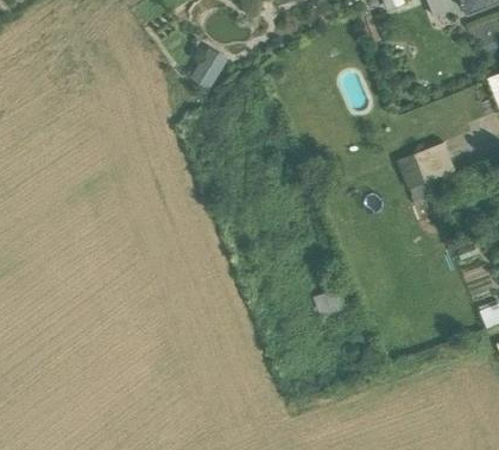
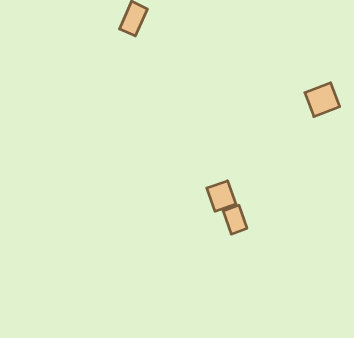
building: none -> [207,181,236,211]

